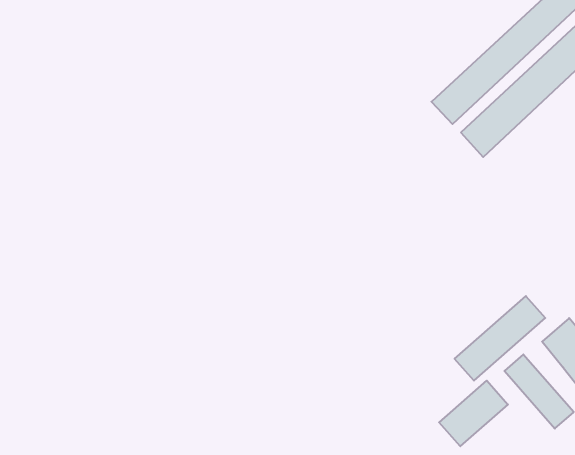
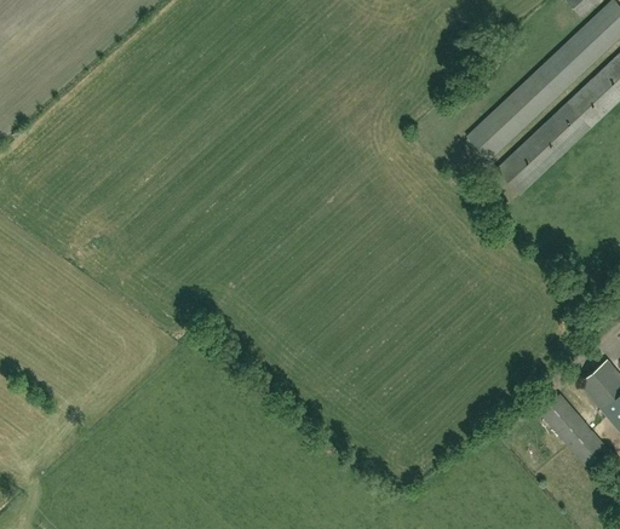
building: [455,296,545,381] -> none
building: [439,381,508,446] -> none

